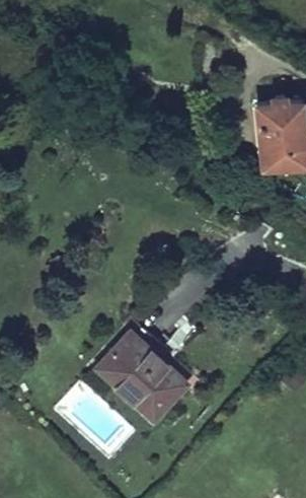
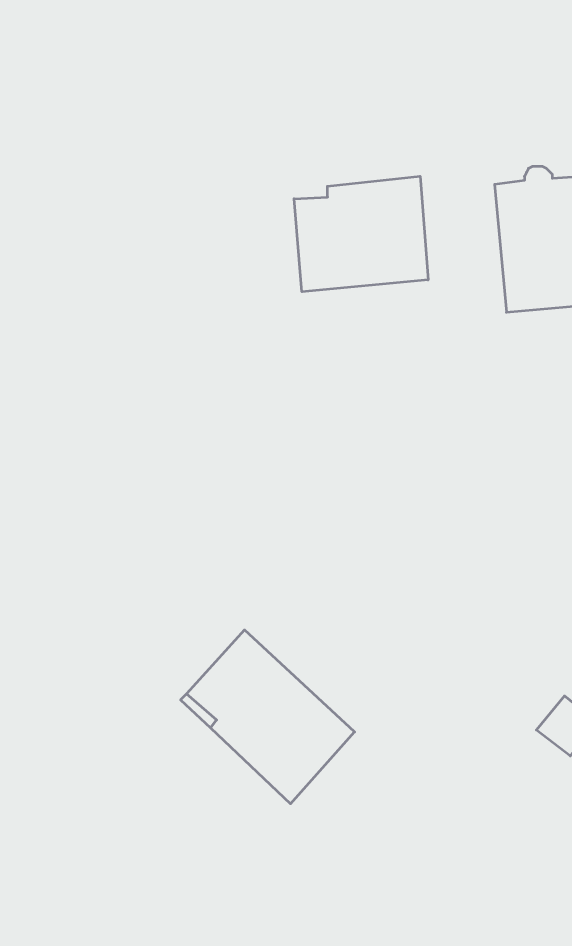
building: none -> [294,176,428,292]

